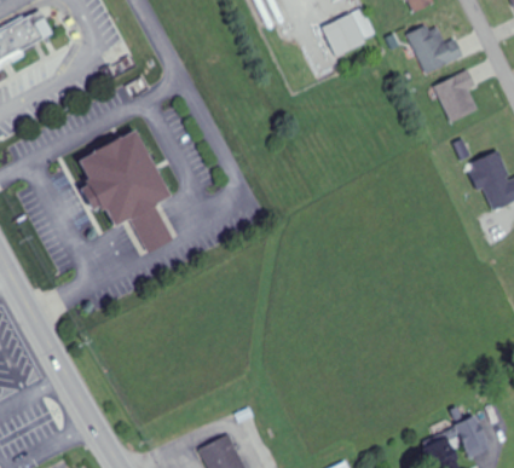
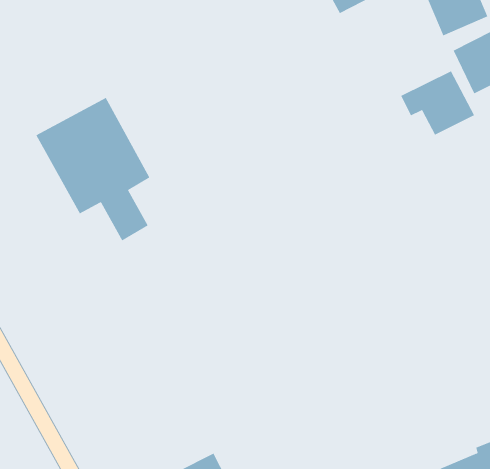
building: none -> [401,70,475,135]

